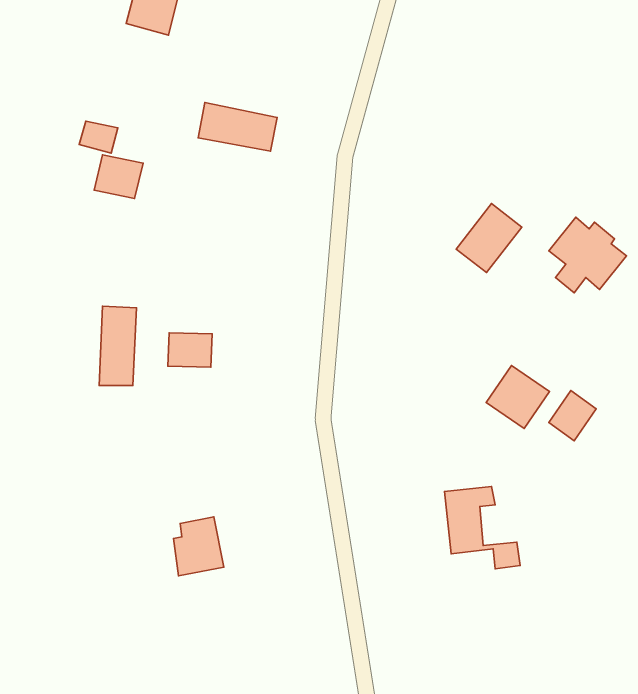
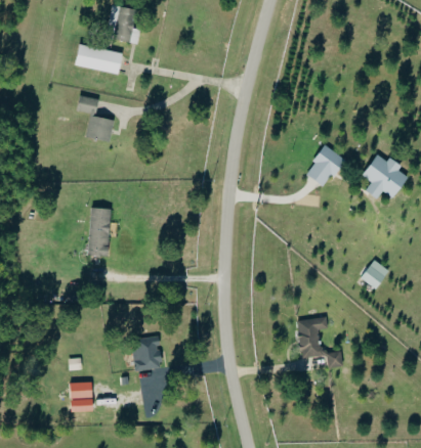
building: [198,102,277,151] -> [74,44,122,74]
building: [168,333,212,367] -> none
building: [486,365,549,428] -> none
building: none -> [69,382,92,412]

